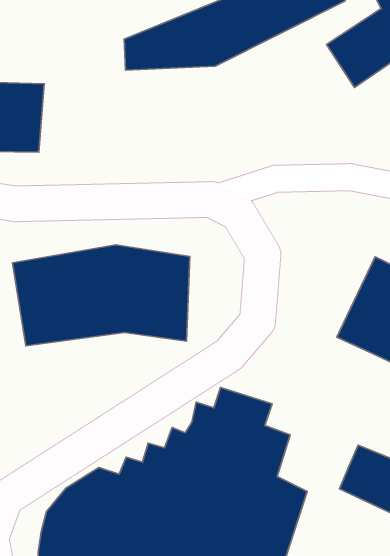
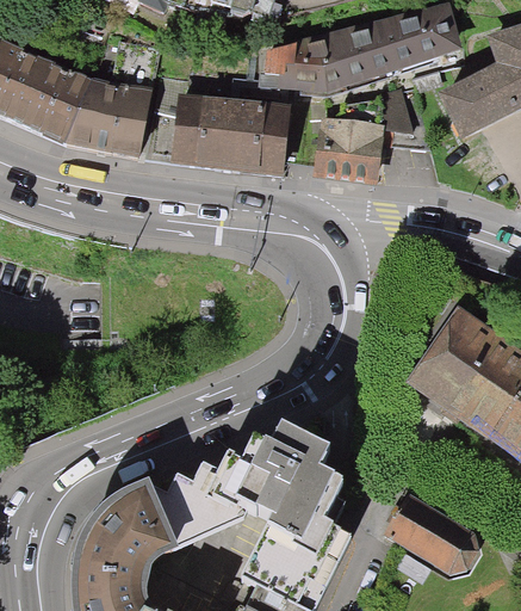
building: none -> [315,87,415,183]
building: none -> [153,91,289,173]
building: [13,245,190,346] -> none

